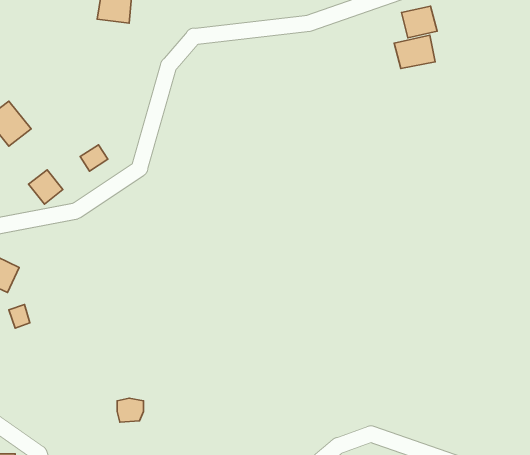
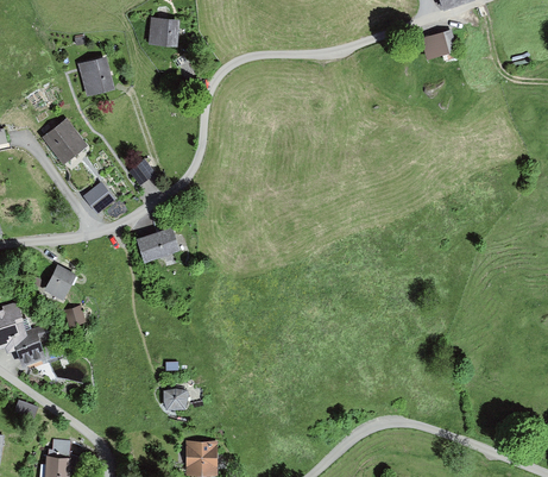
building: none -> [81,56,115,94]
building: [394,35,435,68] -> none
building: none -> [136,222,178,257]

